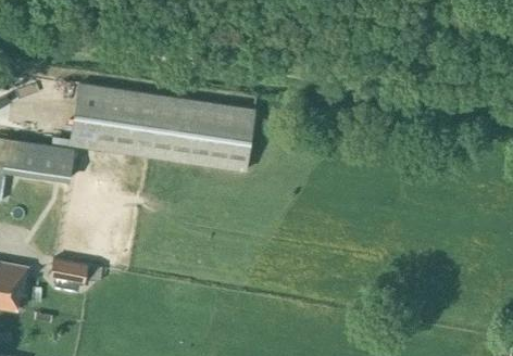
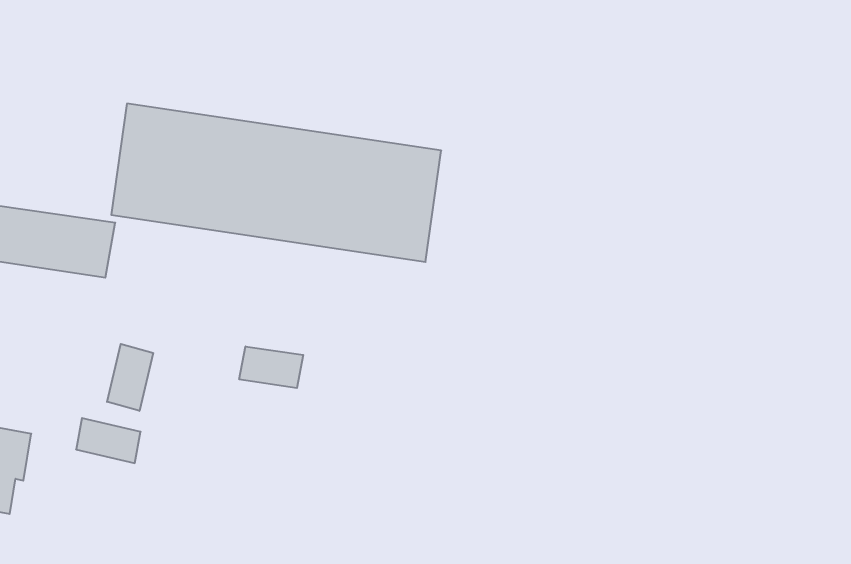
building: none -> [107,344,153,411]
building: none -> [239,346,303,388]

